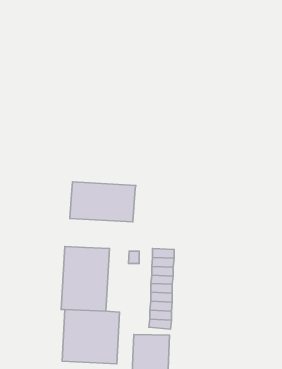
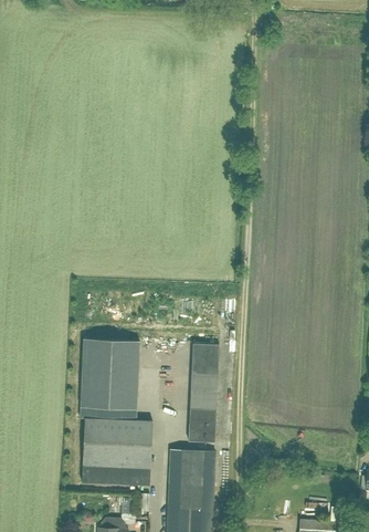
building: [70,182,136,222] -> none

